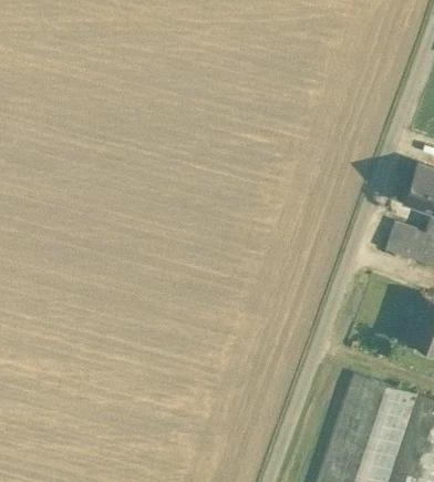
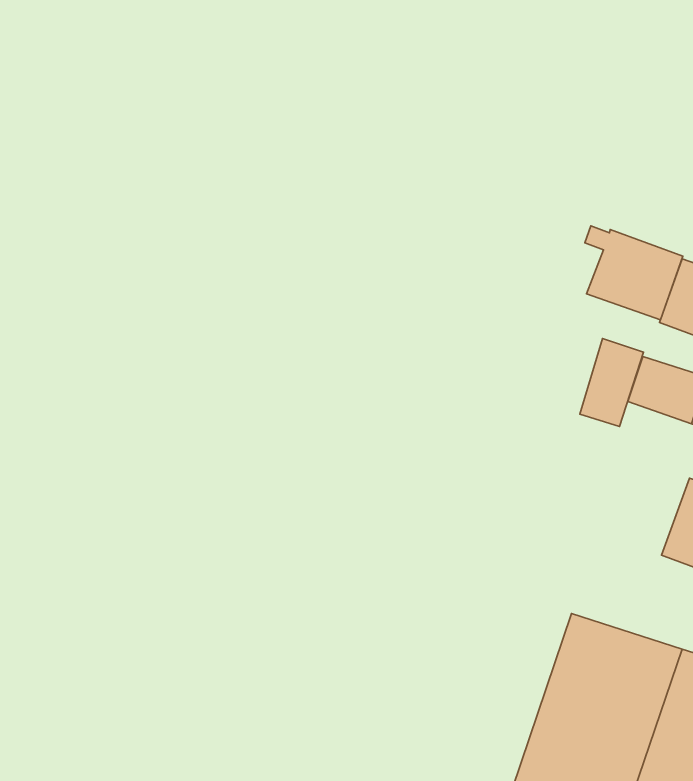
building: none -> [585,226,683,320]
building: none -> [580,339,644,426]

